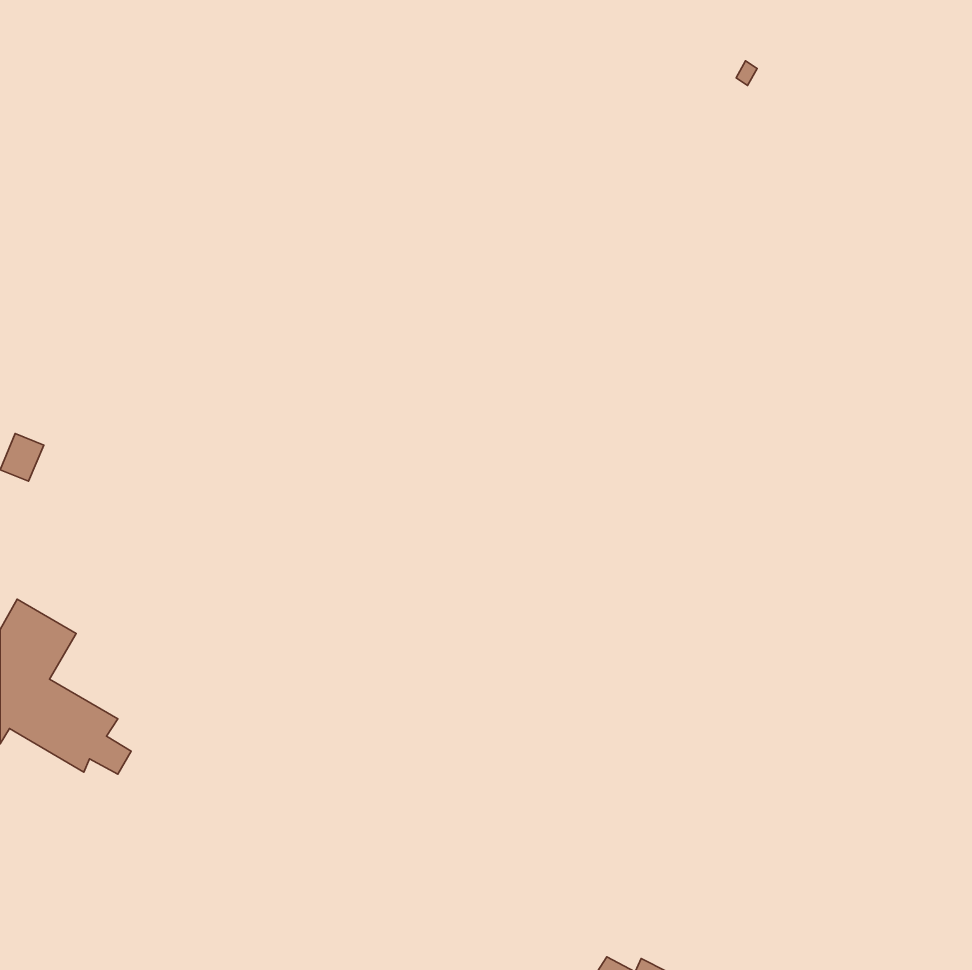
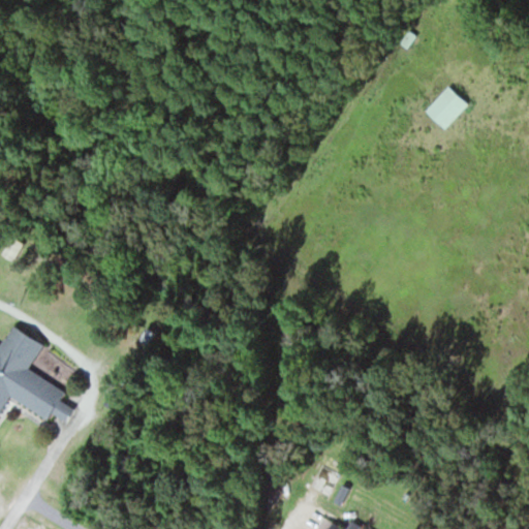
building: none -> [424,87,467,129]

